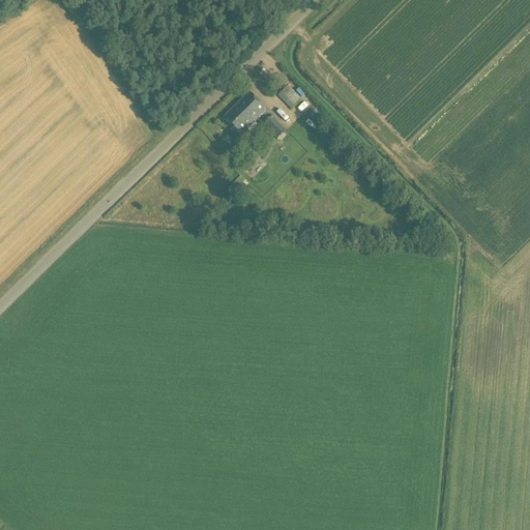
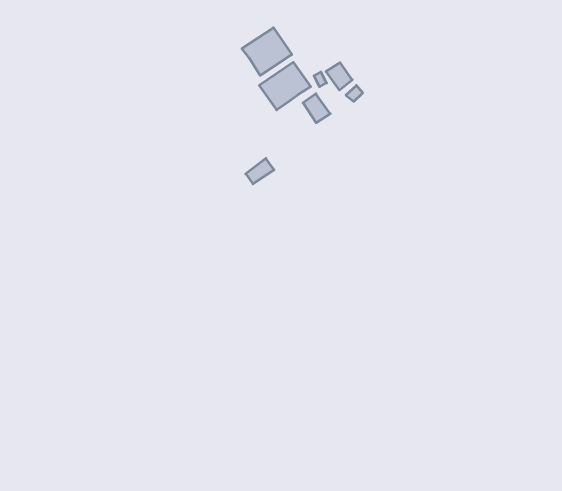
building: none -> [242,28,292,75]

